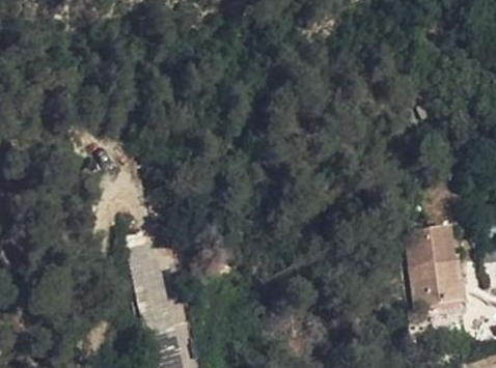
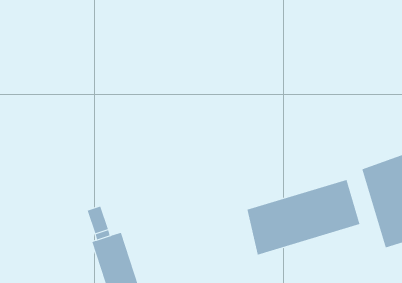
building: none -> [247,179,360,256]

